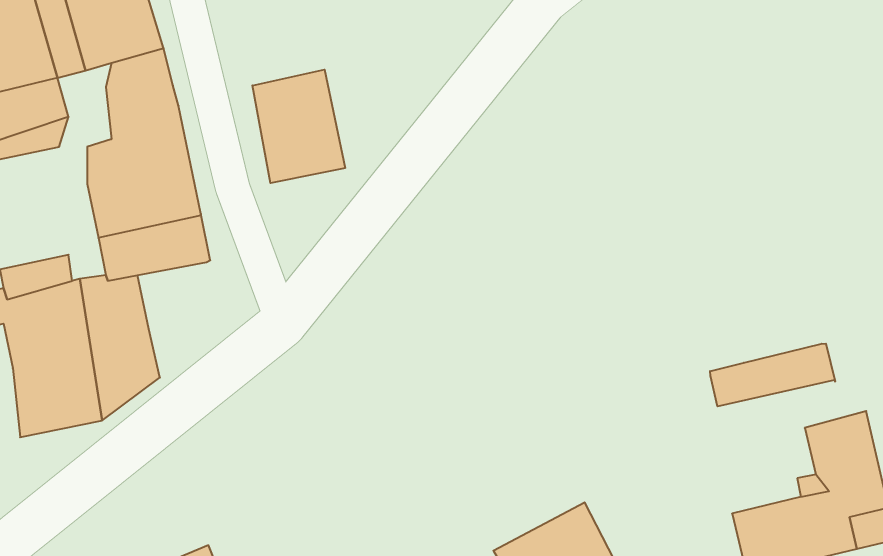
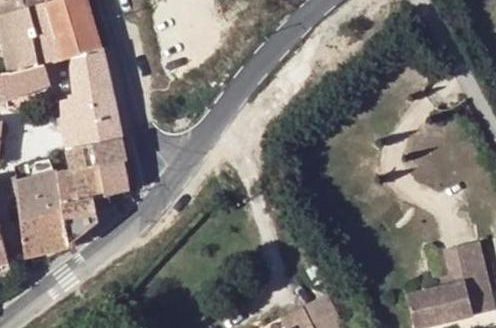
building: [252,70,345,183] -> none
building: none -> [87,162,129,198]
building: [710,344,835,406] -> none

